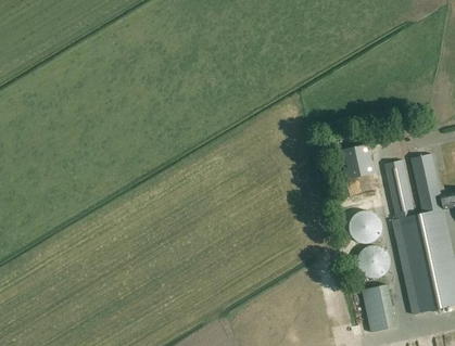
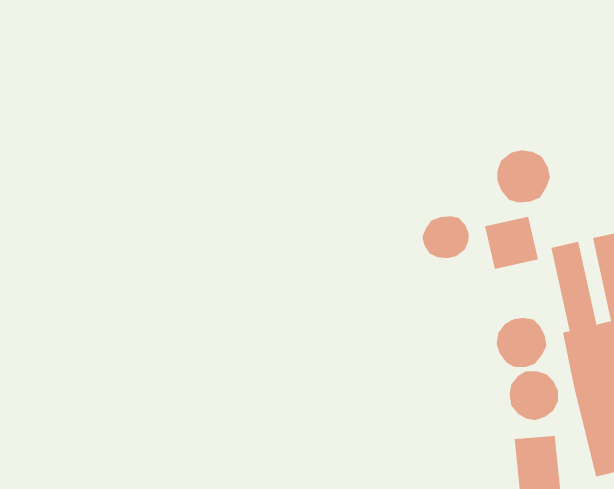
building: none -> [497,150,550,203]
building: none -> [422,215,469,259]

